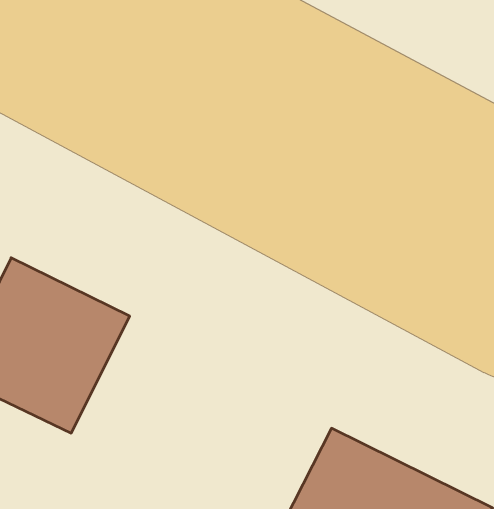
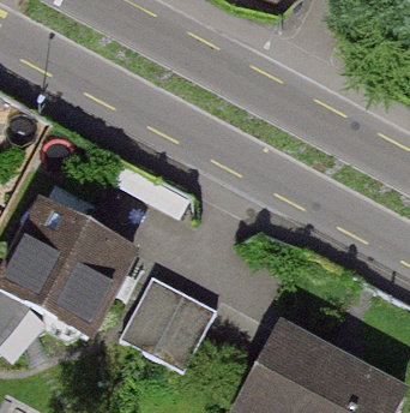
building: none -> [121,268,217,366]

